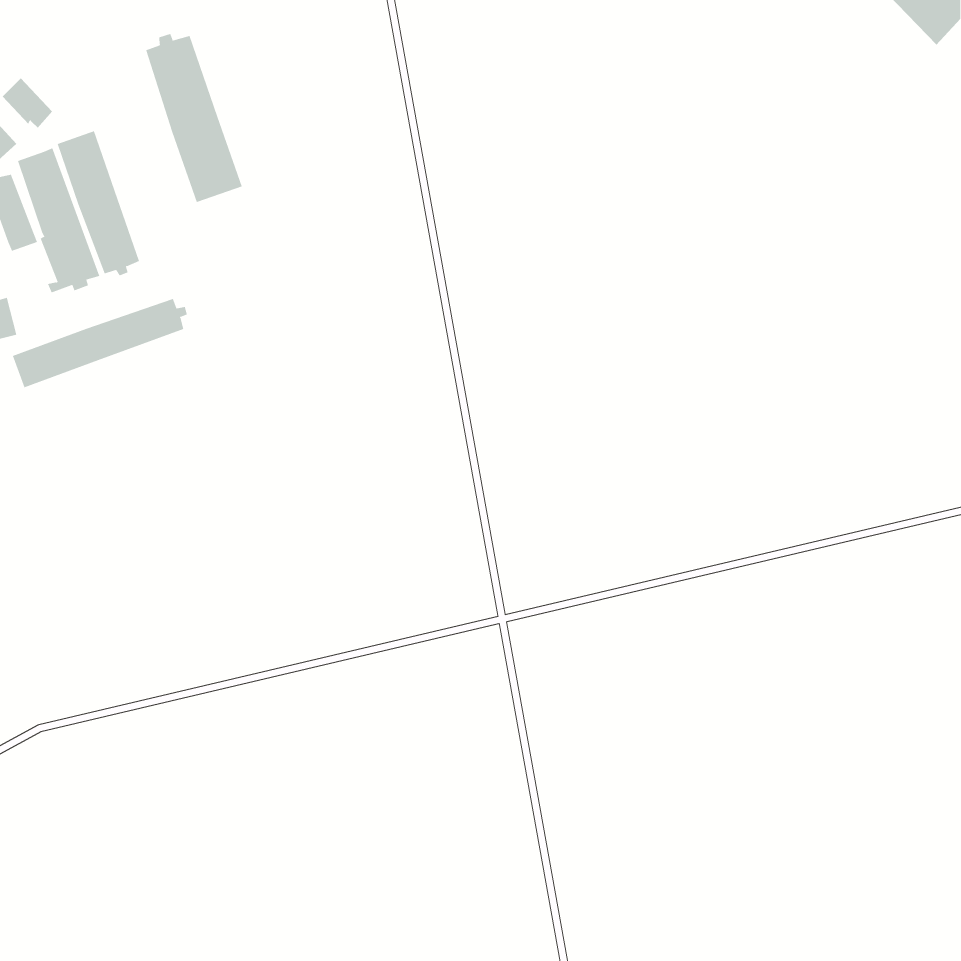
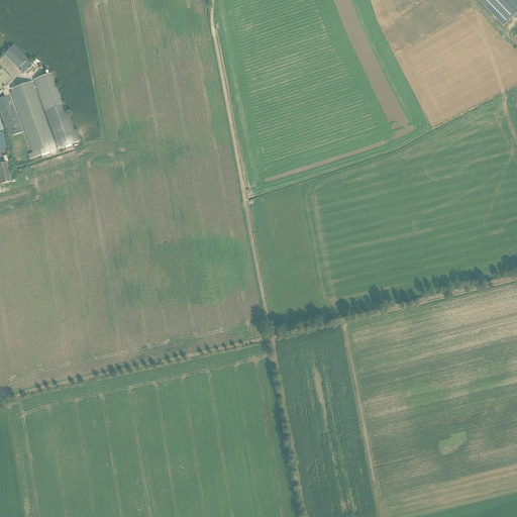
building: [146,33,243,203] -> none
building: [12,298,188,388] -> none

